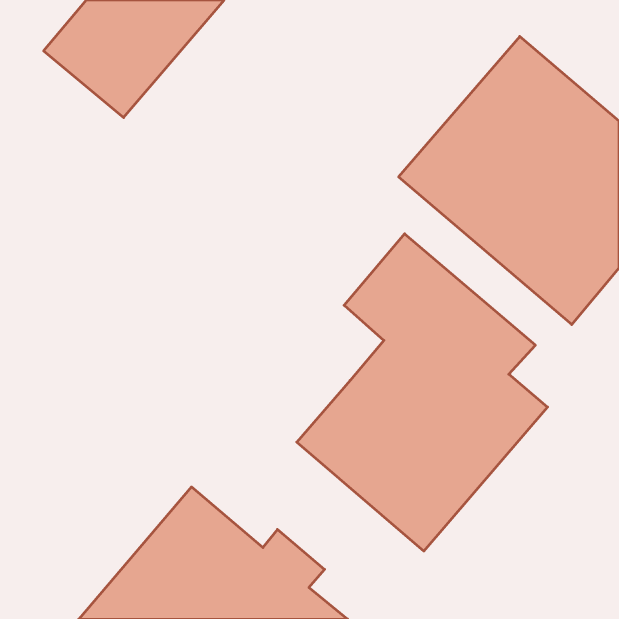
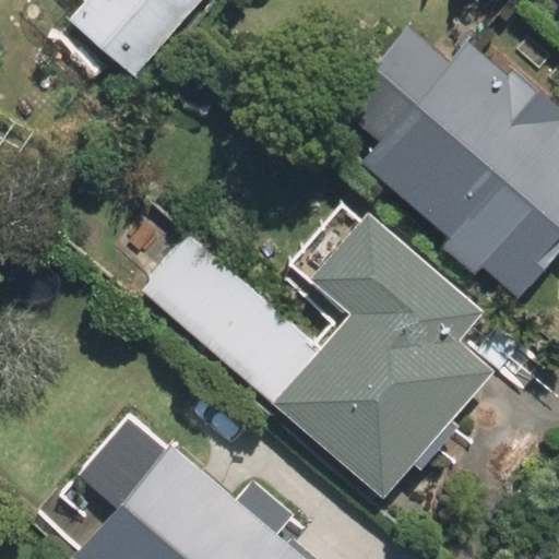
building: none -> [139,234,316,400]

